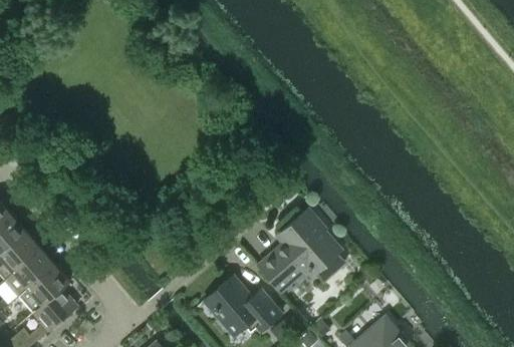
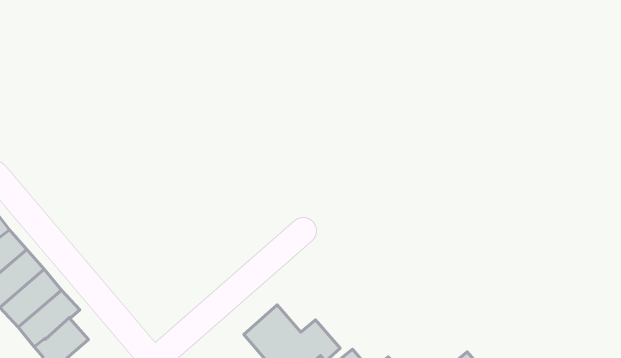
building: [259,210,338,290] -> none

